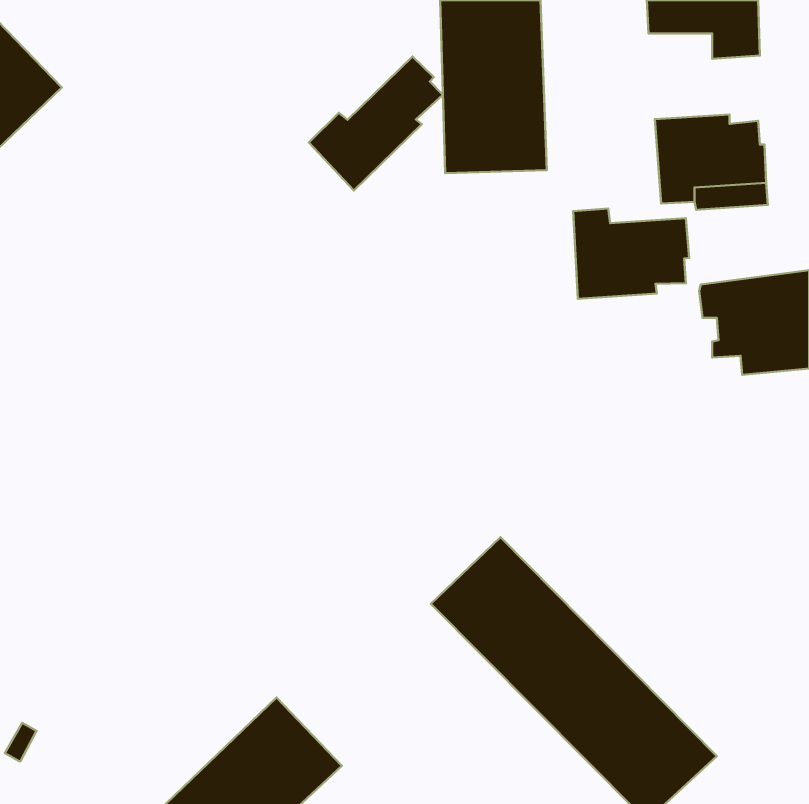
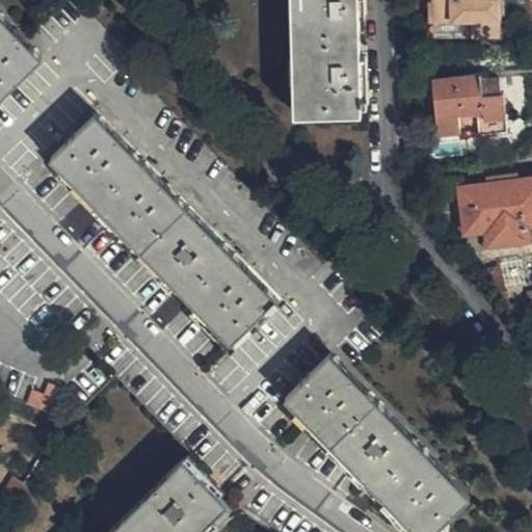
building: [309,57,443,190] -> none
building: none -> [49,117,274,345]
building: [573,208,689,299] -> none

